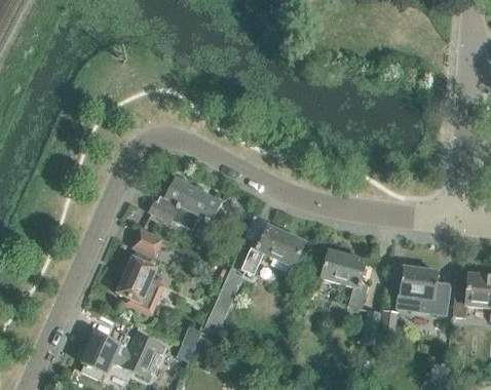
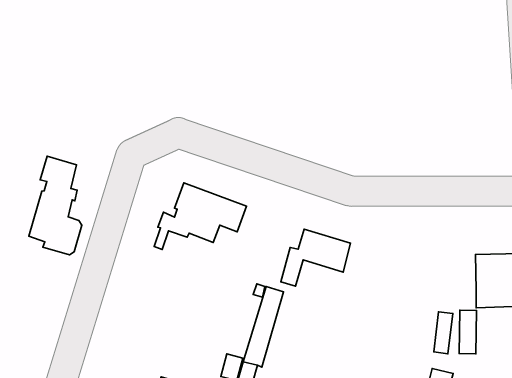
building: [117,228,163,310] -> [29,156,82,255]
building: [320,249,366,308] -> none

